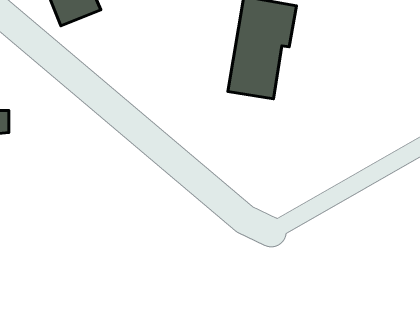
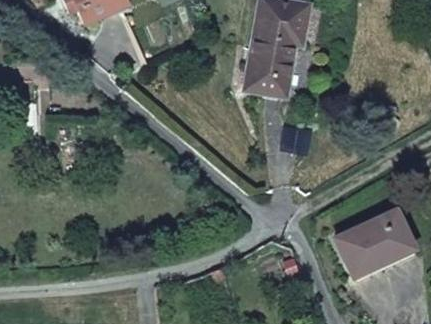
building: none -> [339,215,412,278]

